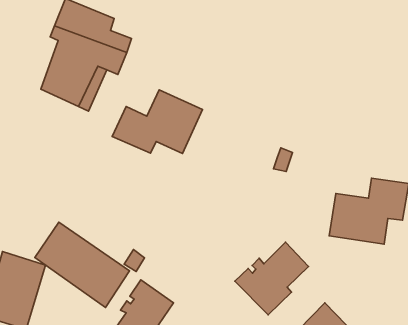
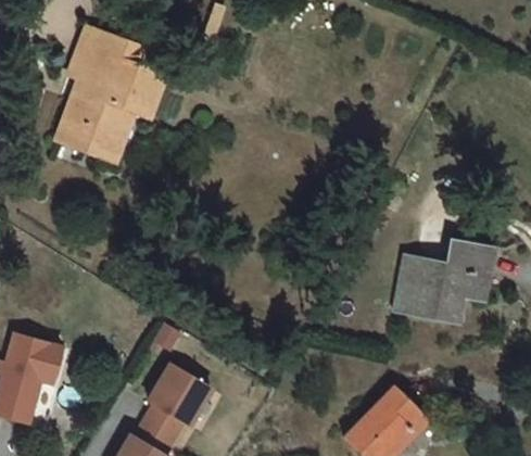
building: [112,90,203,154] -> none
building: [35,222,129,307] -> none
building: [235,242,309,315] -> none

